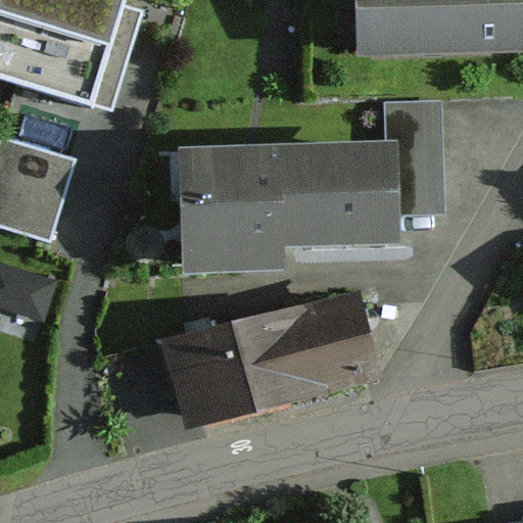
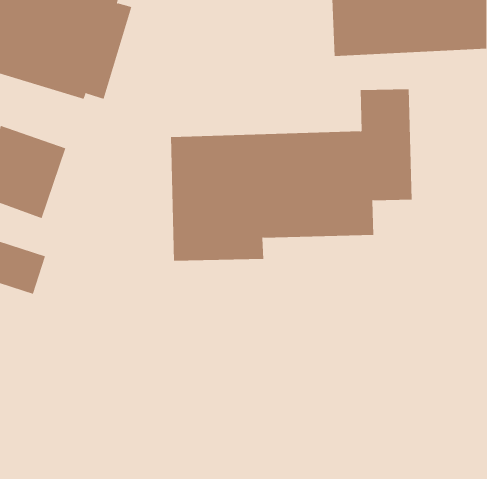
building: [163,288,381,428] -> none

